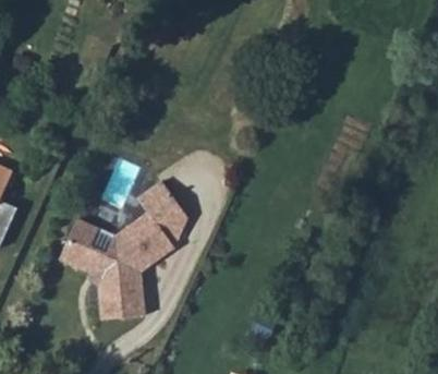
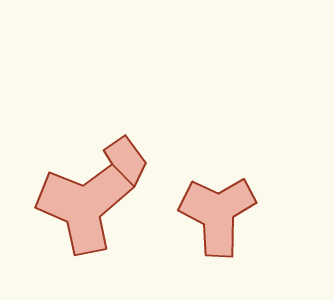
building: none -> [178,179,257,257]

